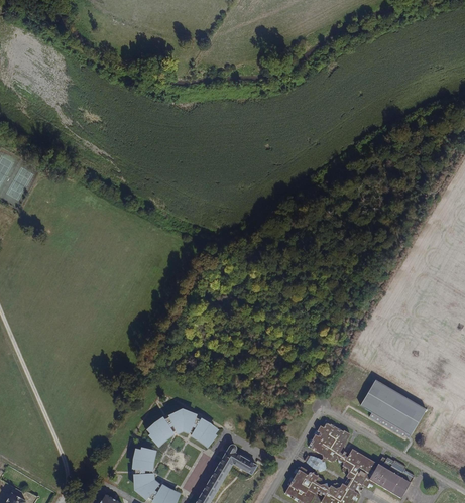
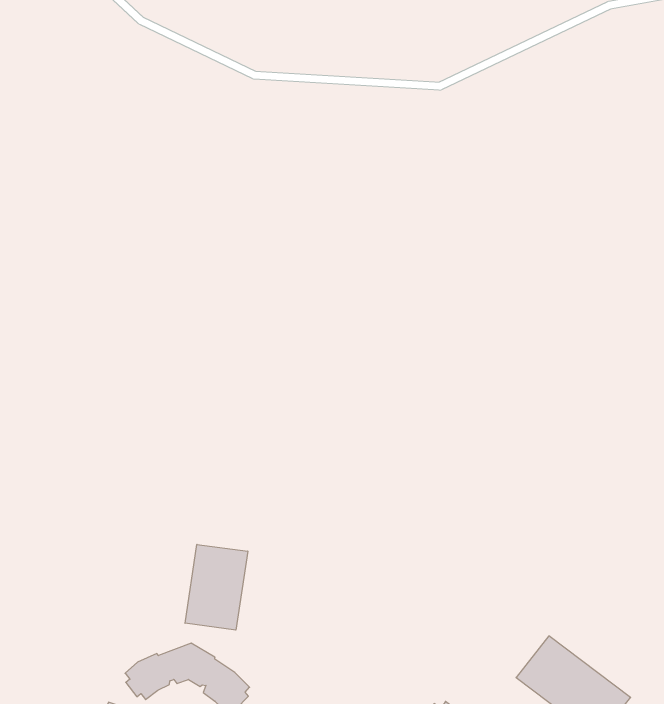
building: none -> [185,544,248,630]

